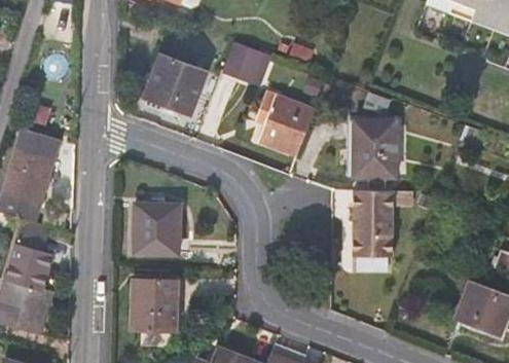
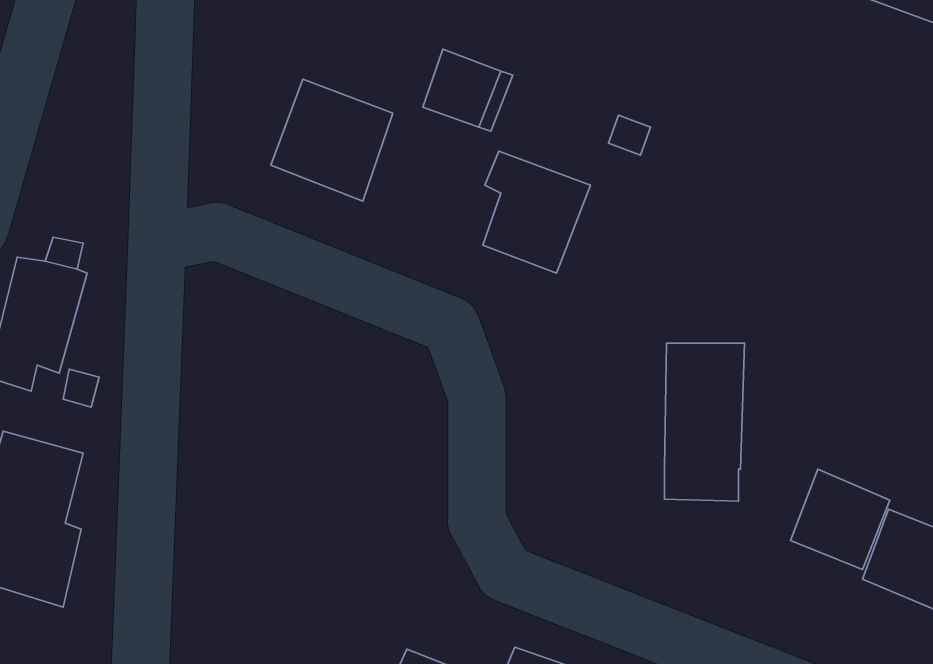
building: [352,120,396,178] -> none
building: [133,204,179,253] -> none
building: none -> [791,469,890,569]
building: [133,279,179,331] -> none

